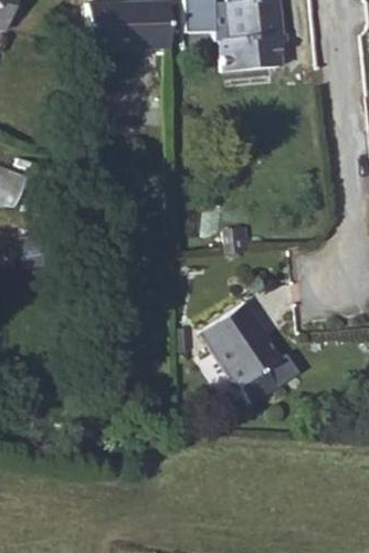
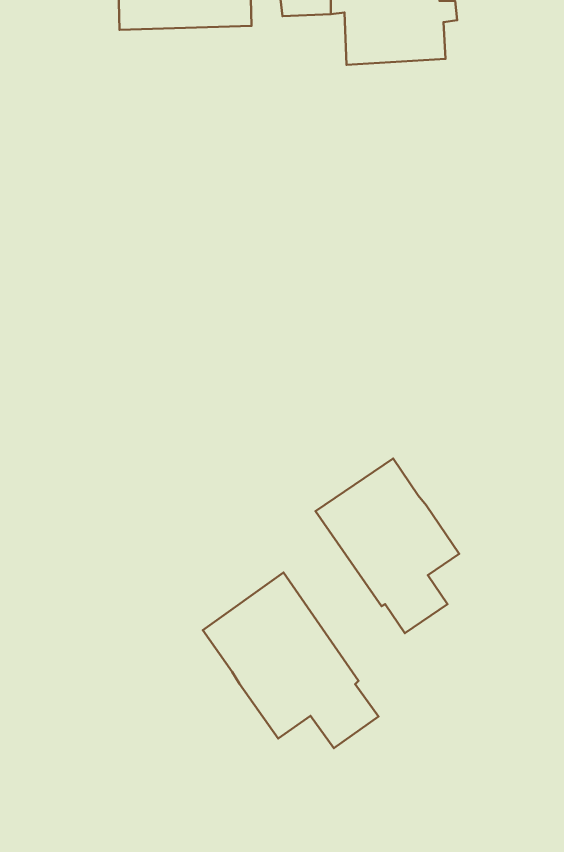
building: none -> [203,573,379,748]

